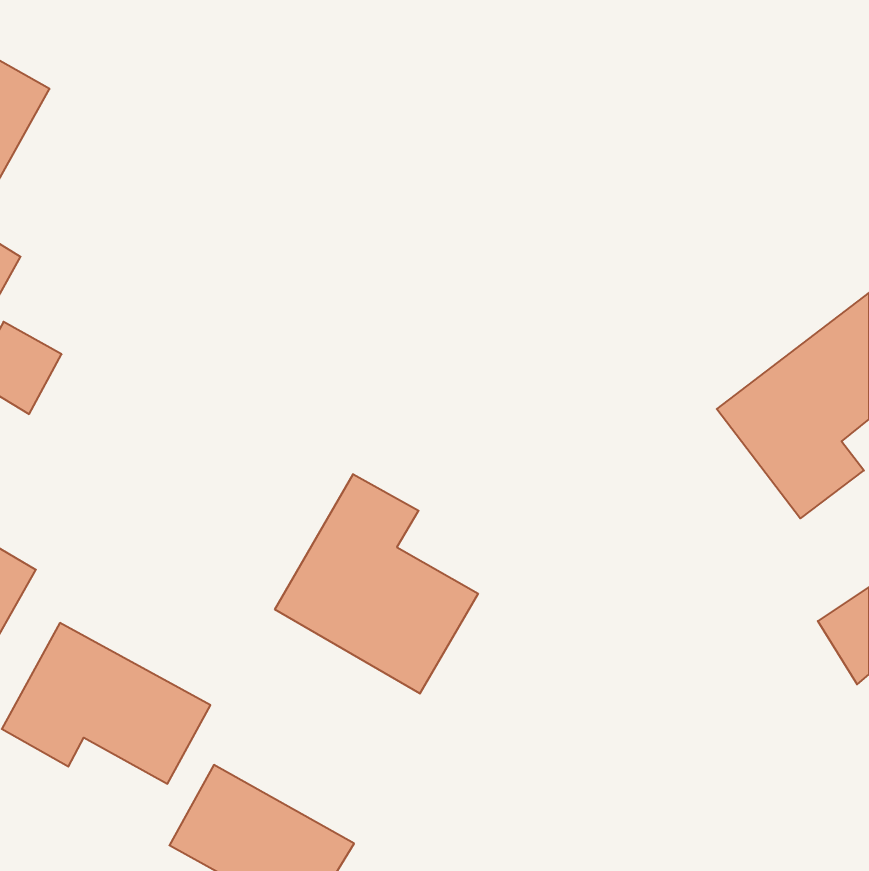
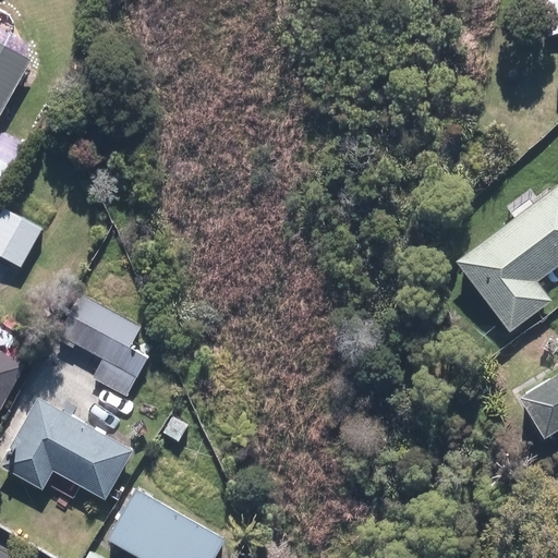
building: none -> [52,292,147,399]
building: [275,474,478,694] -> none

